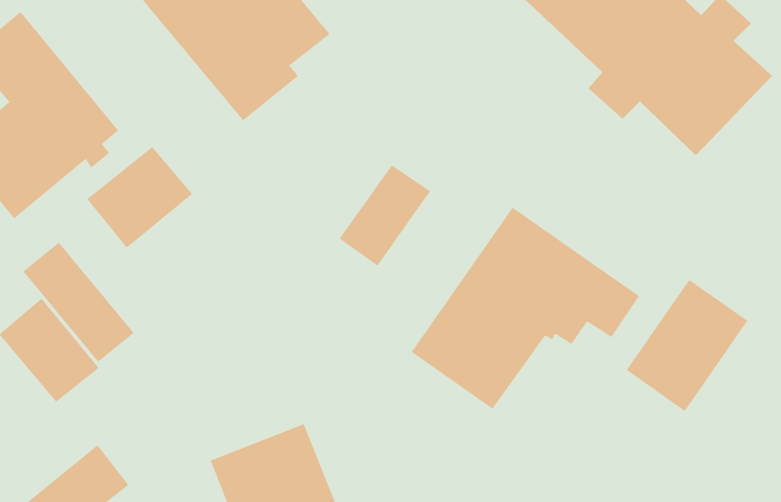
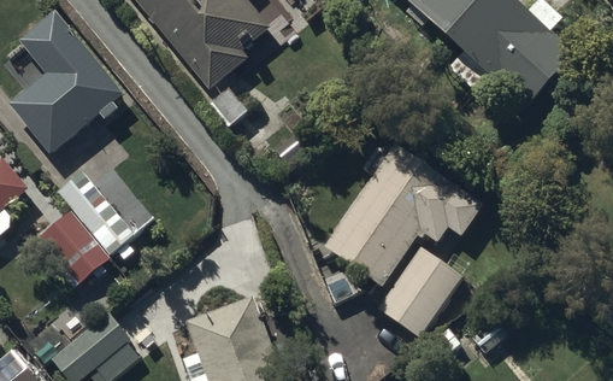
building: [86,146,193,249] -> none
building: [339,165,431,267] -> none
building: [626,279,748,412] -> [377,245,461,336]

